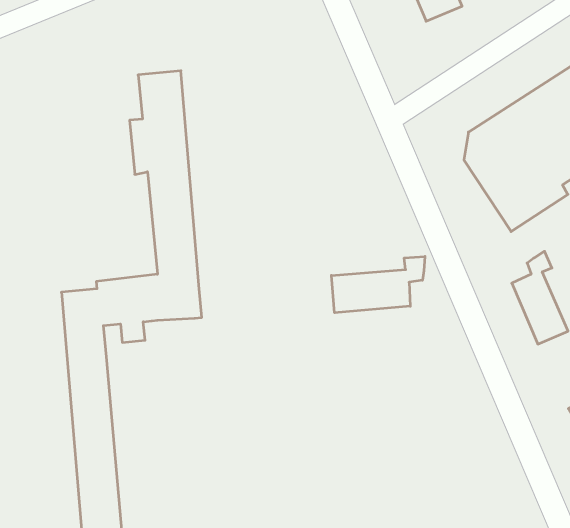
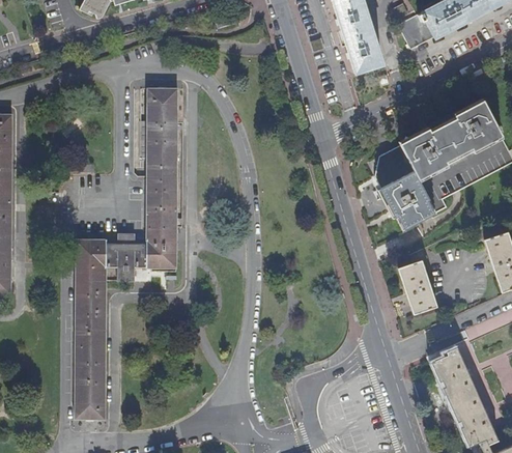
building: [331,256,425,313] -> none

